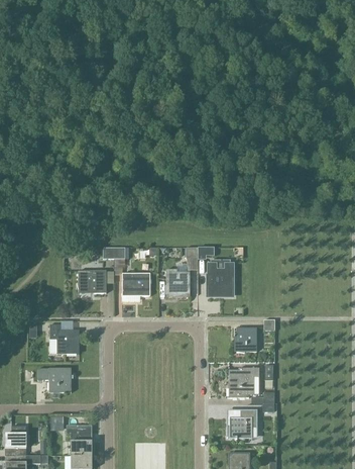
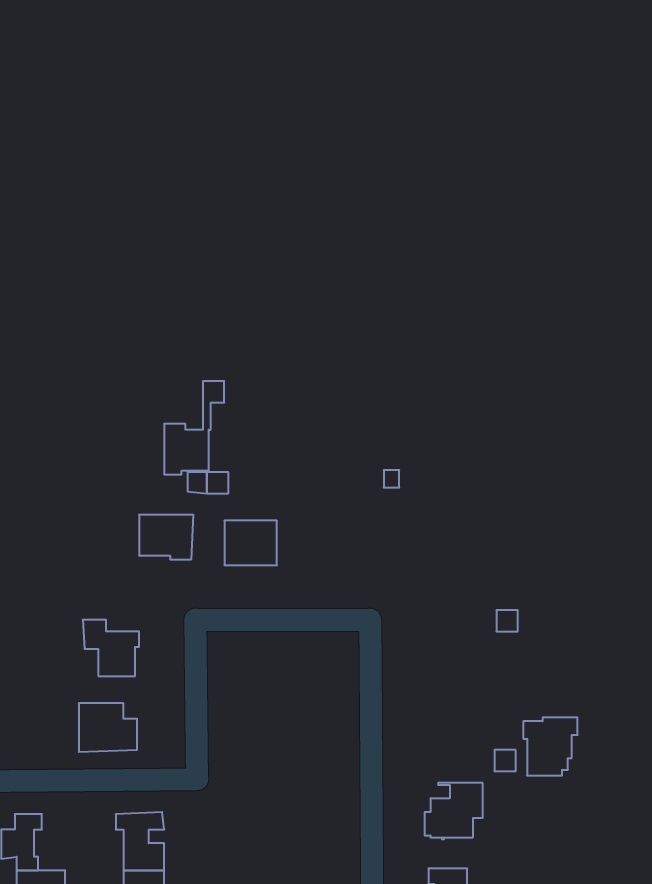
building: [166,247,198,295] -> [164,381,224,474]
building: [207,263,235,295] -> none
building: [237,327,257,352] -> none
building: [229,368,257,398] -> [523,717,578,776]

